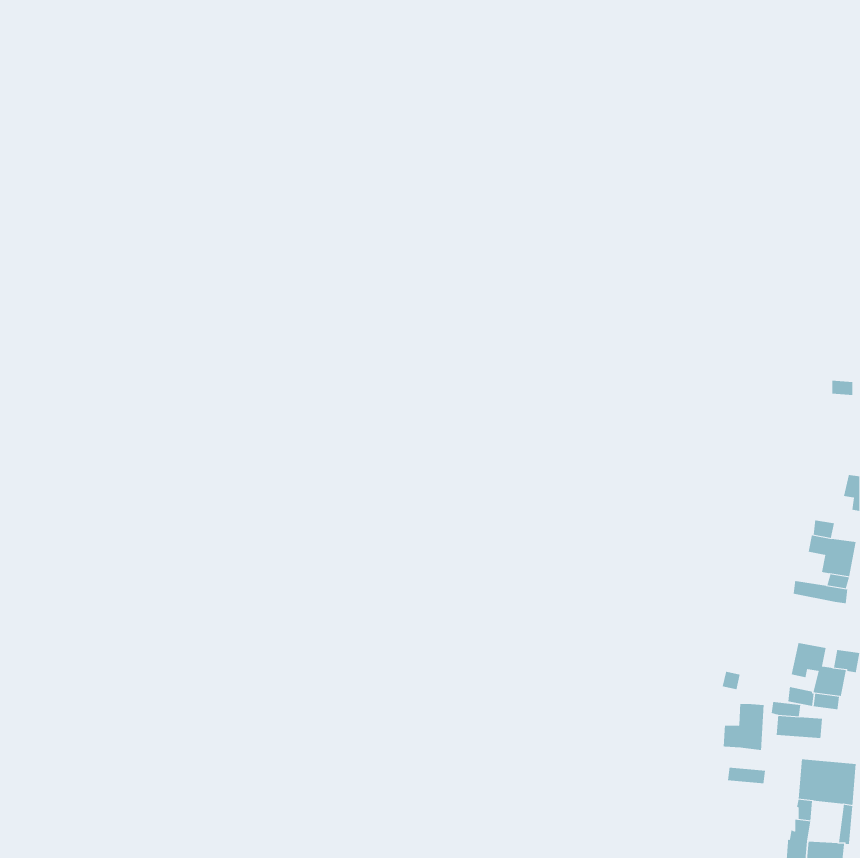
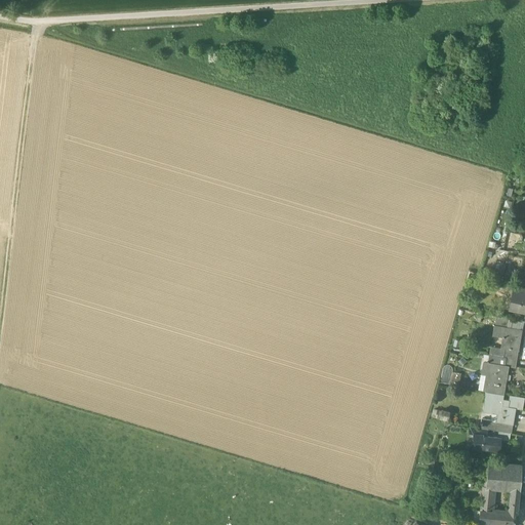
building: none -> [481,363,509,396]
building: [723,703,764,751] -> none

